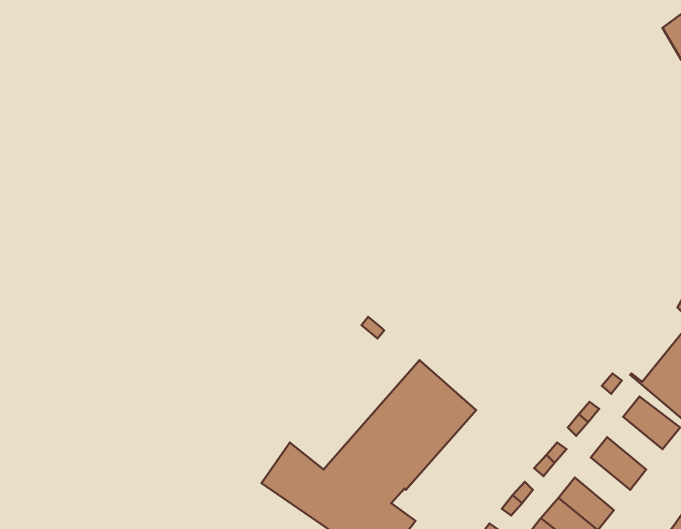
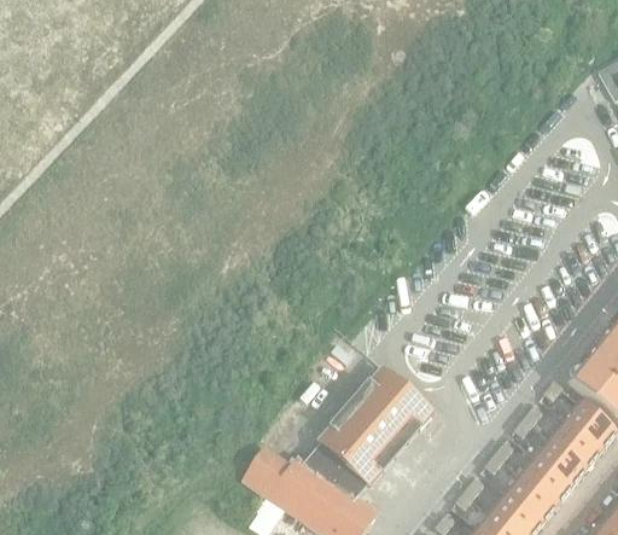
building: none -> [548,419,597,466]
building: none -> [519,455,569,502]

